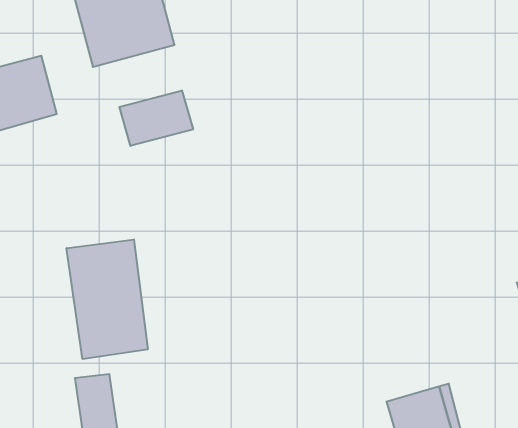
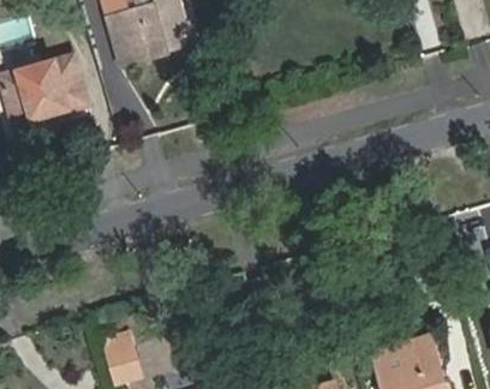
building: [119,90,193,146] -> none
building: [67,239,148,359] -> none

